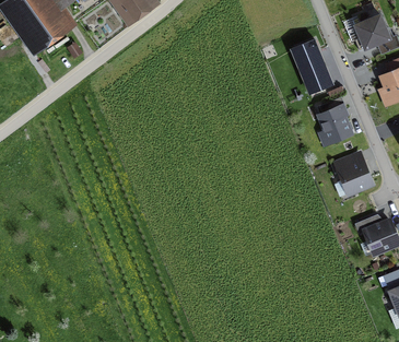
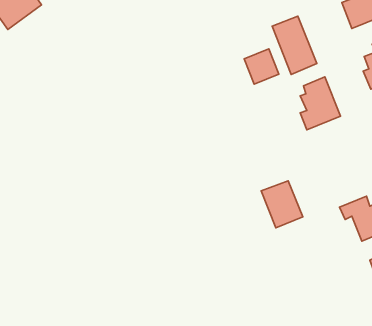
building: none -> [244,49,279,84]
building: [333,150,374,196] -> [261,181,303,228]

